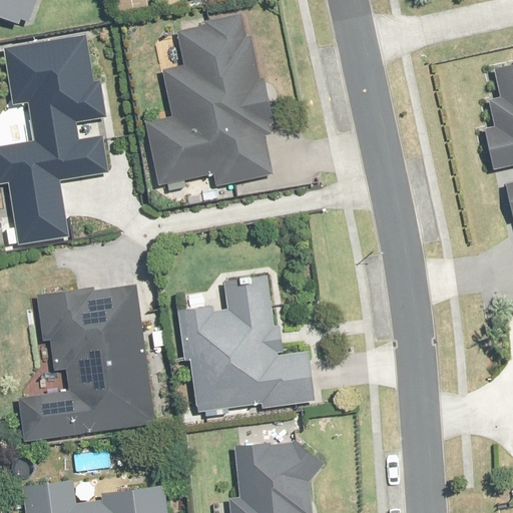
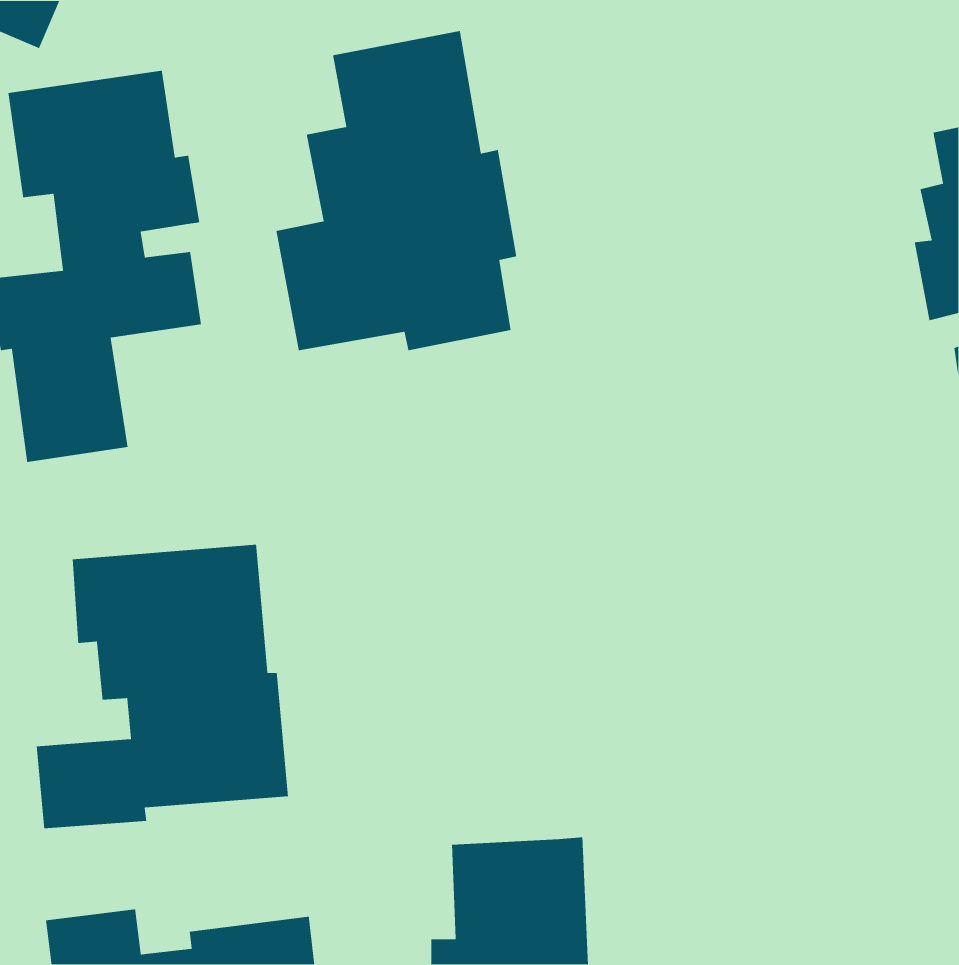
building: [178,282,313,415] -> none

